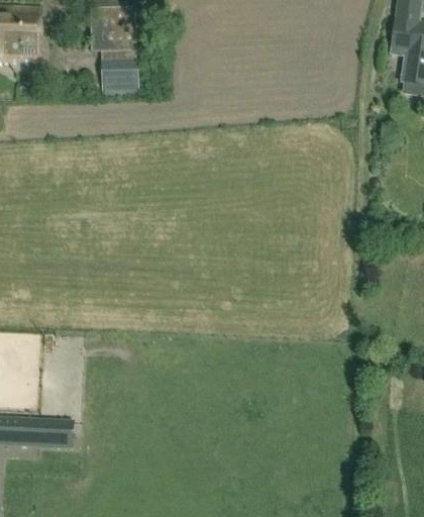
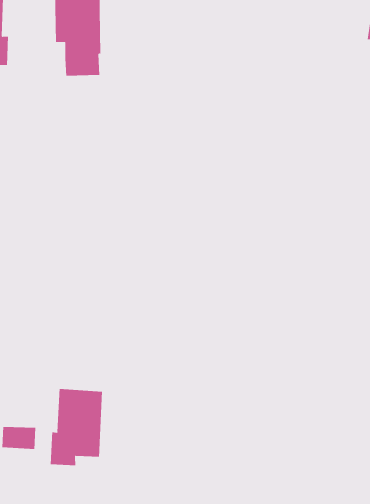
building: none -> [50,388,103,466]

